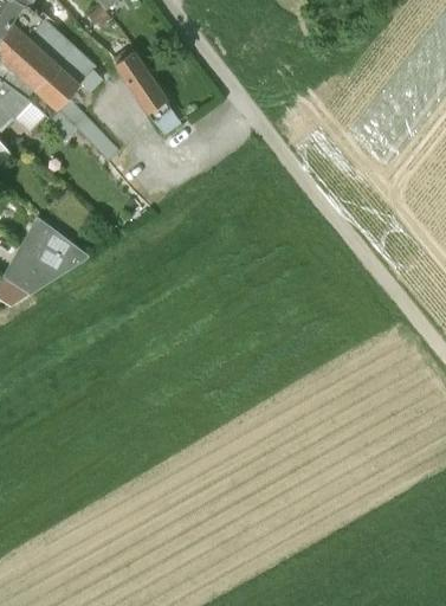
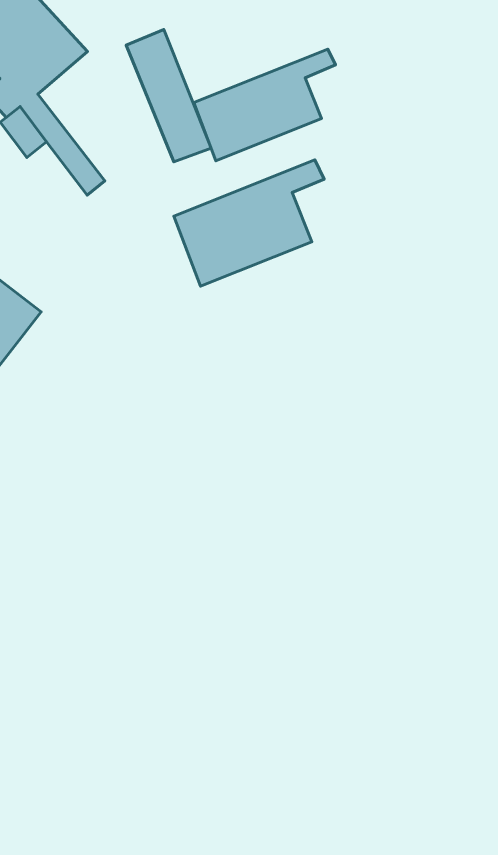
building: none -> [194,49,336,161]
building: none -> [174,160,324,286]

